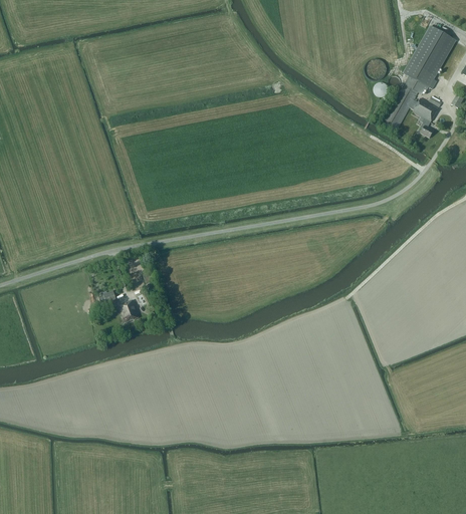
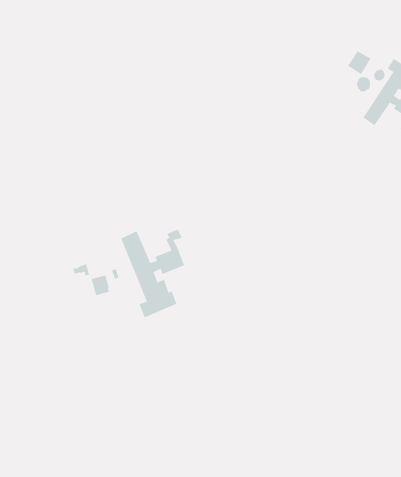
building: none -> [121,229,185,318]

